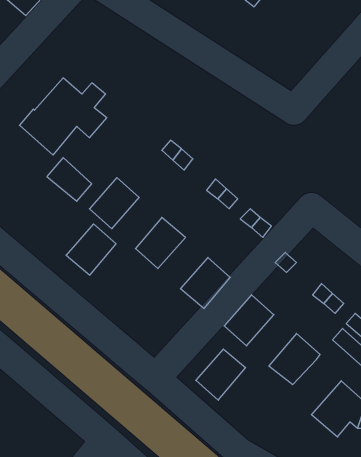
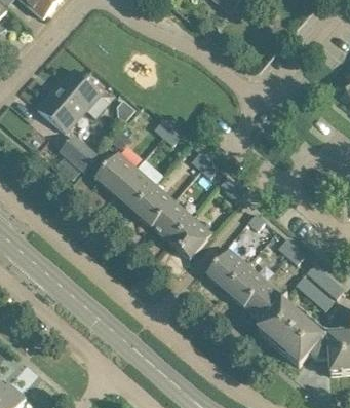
building: [66,224,116,275] -> [113,166,154,209]
building: none -> [151,199,192,242]
building: [196,349,246,400] -> [224,263,265,305]
building: none -> [256,300,302,345]

